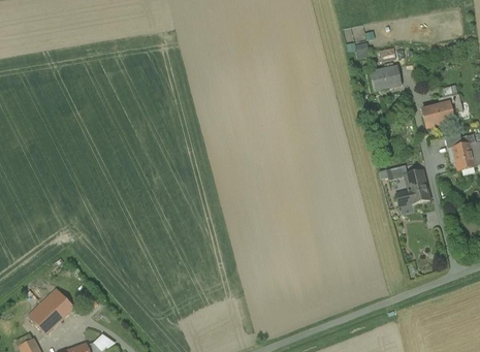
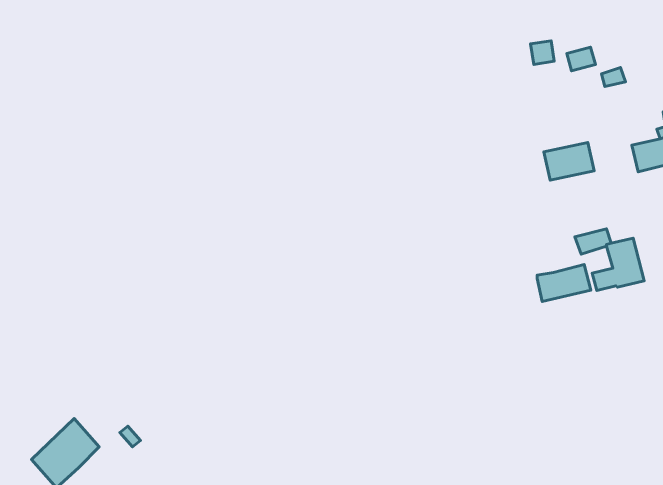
building: [369,66,402,91] -> [544,142,594,180]
building: none -> [537,264,591,302]

